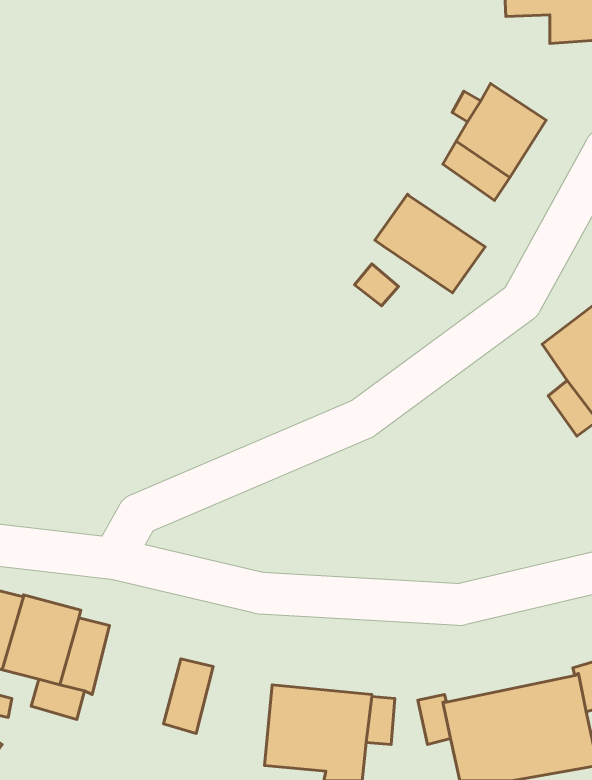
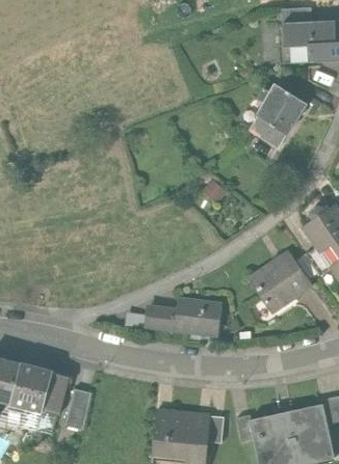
building: [375,194,485,293] -> none
building: none -> [251,252,311,311]
building: none -> [147,297,221,335]
building: [164,659,213,733] -> [66,387,93,428]

